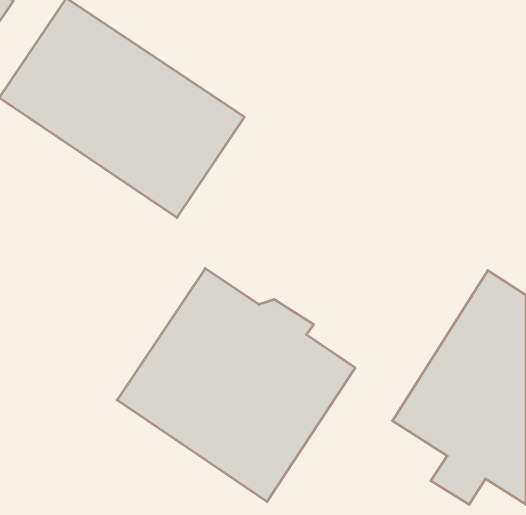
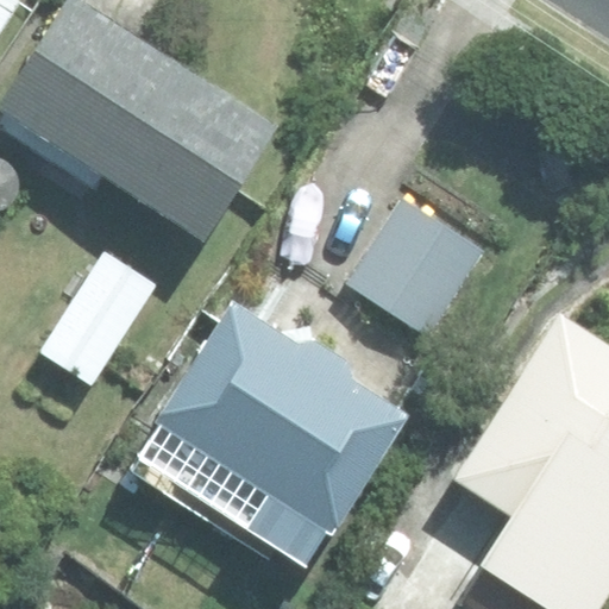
building: none -> [343,190,485,331]
building: none -> [36,243,159,383]

